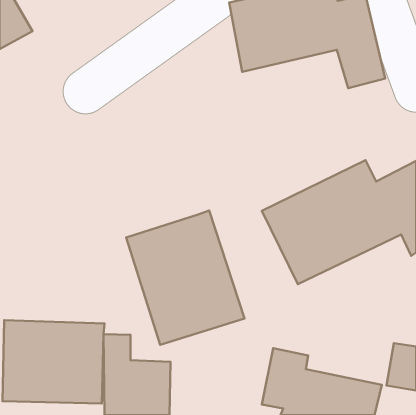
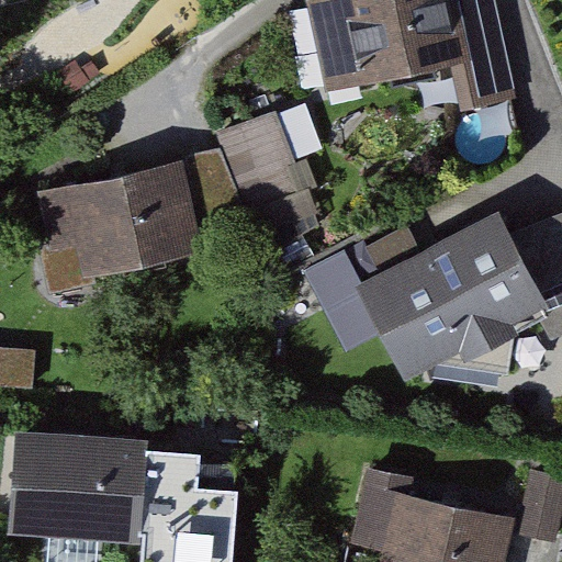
building: none -> [33,114,313,294]
building: [126,210,244,345] -> none

